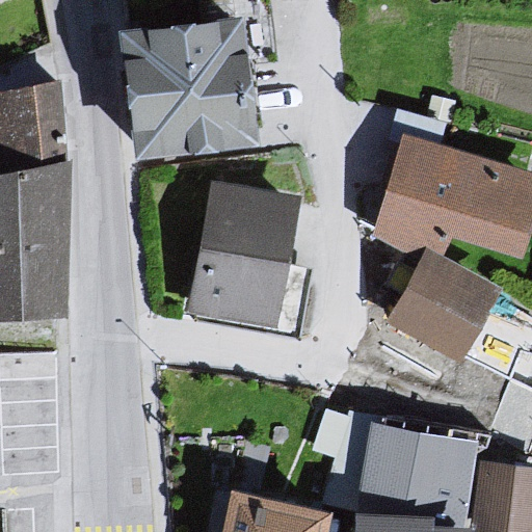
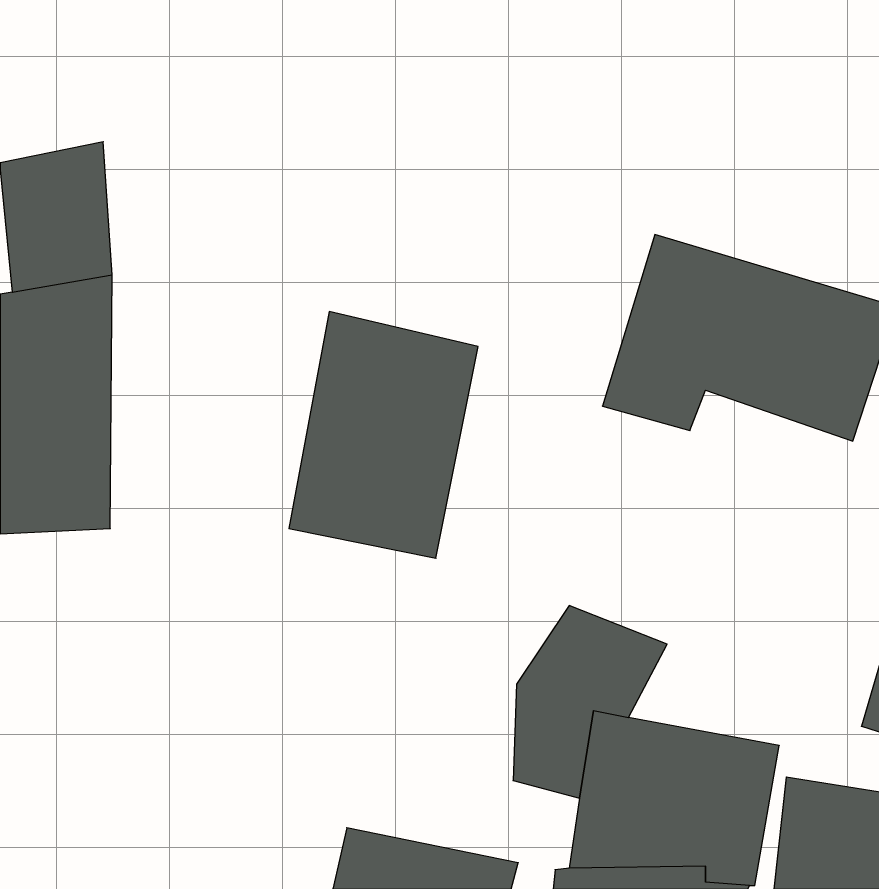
building: [132,16,269,159] -> none
building: [383,256,512,377] -> none

